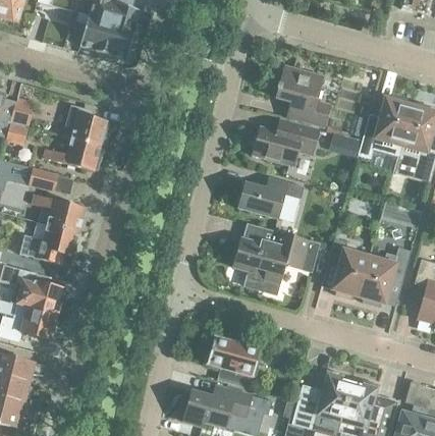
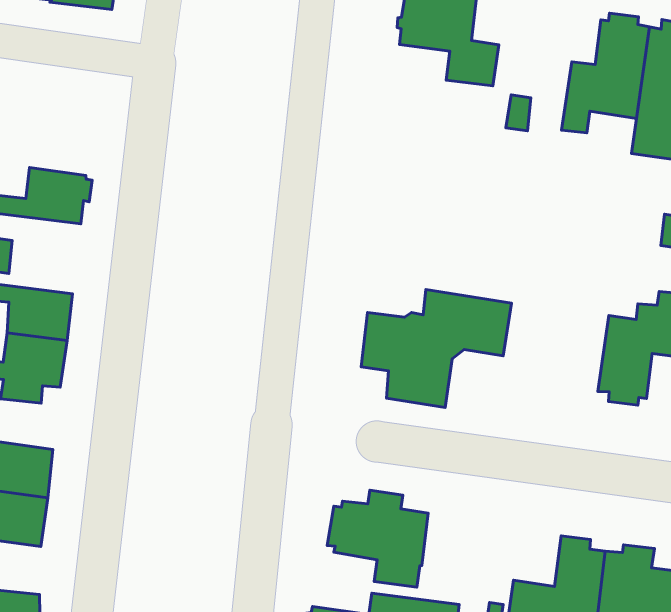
building: [63,105,107,145] -> none
building: [251,120,318,165] -> none
building: [236,178,304,218] -> none
building: [327,237,369,297] -> none

